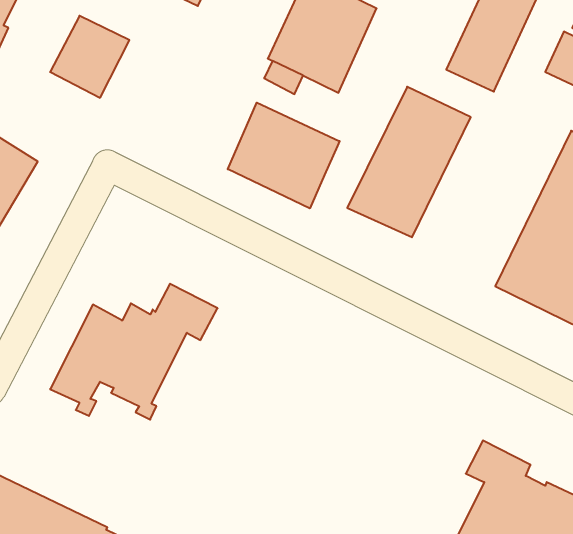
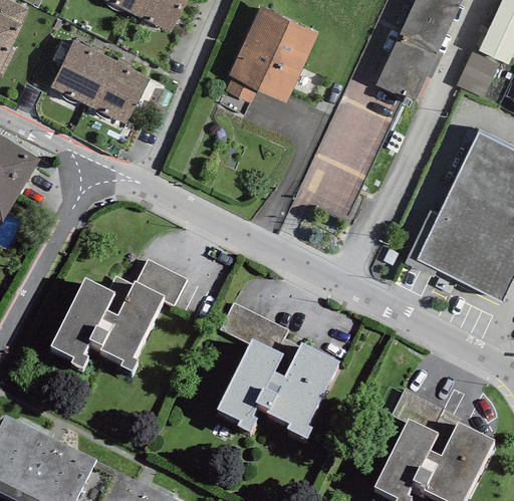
building: none -> [90,60,150,124]
building: [228,103,340,208] -> none
building: none -> [216,303,338,439]

